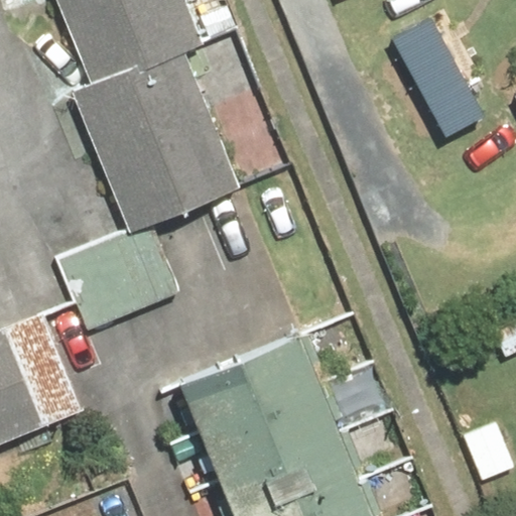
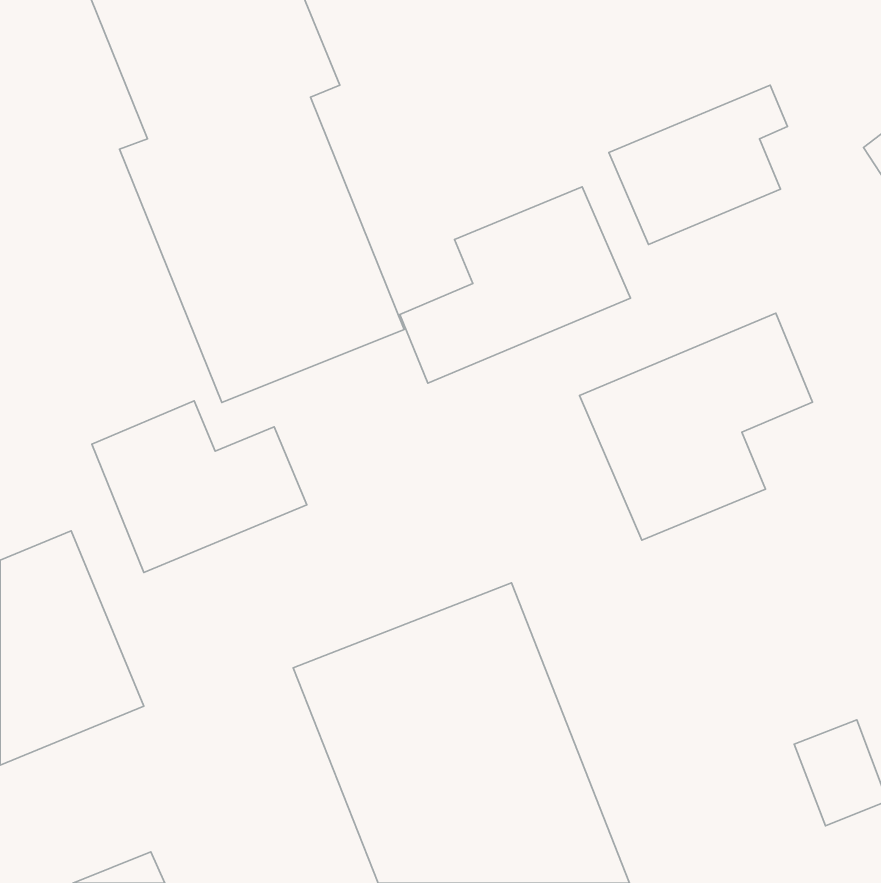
building: none -> [400,187,630,383]
building: none -> [580,313,813,540]

